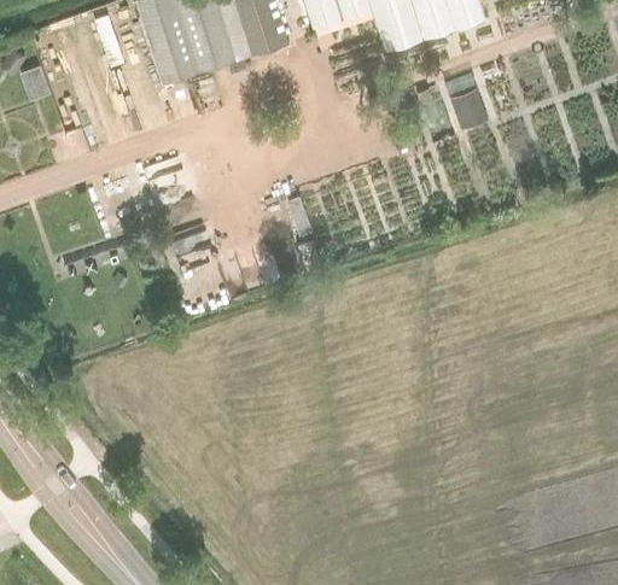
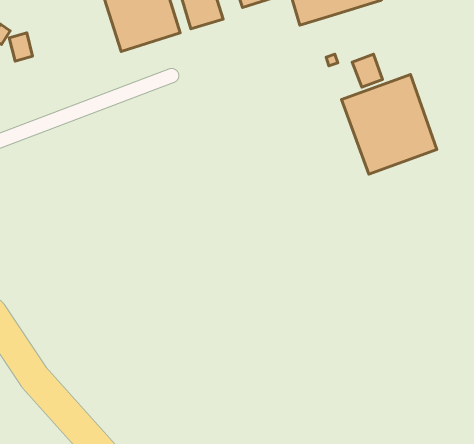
building: none -> [342,74,437,174]

